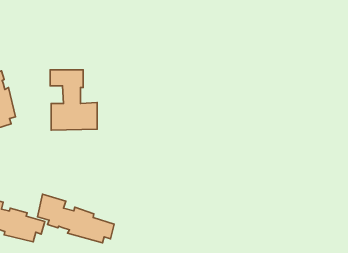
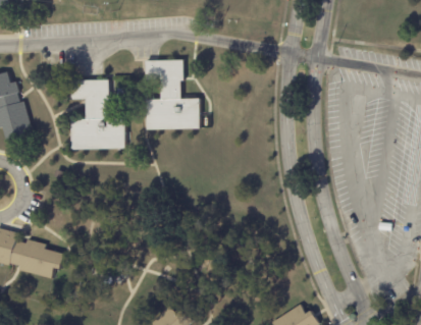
building: none -> [145,60,199,129]
building: [37,194,114,243] -> none

